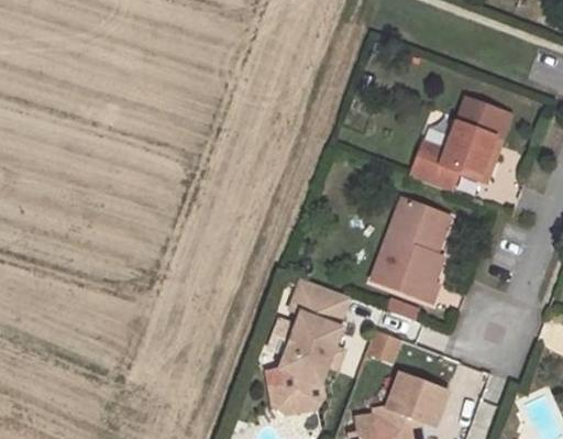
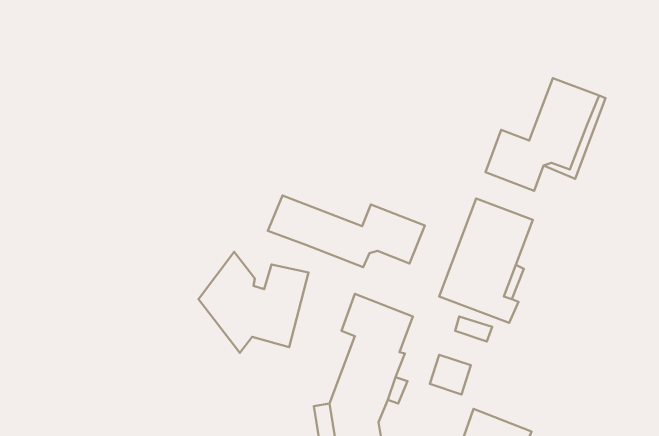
building: none -> [268,195,425,267]
building: none -> [199,252,309,353]

